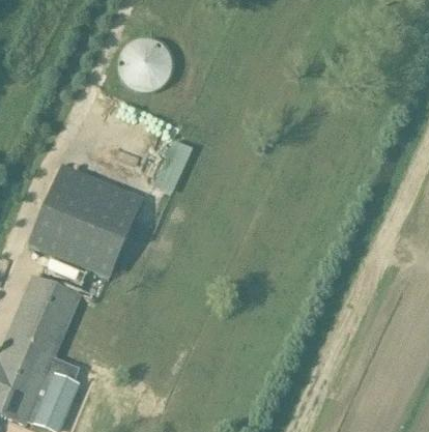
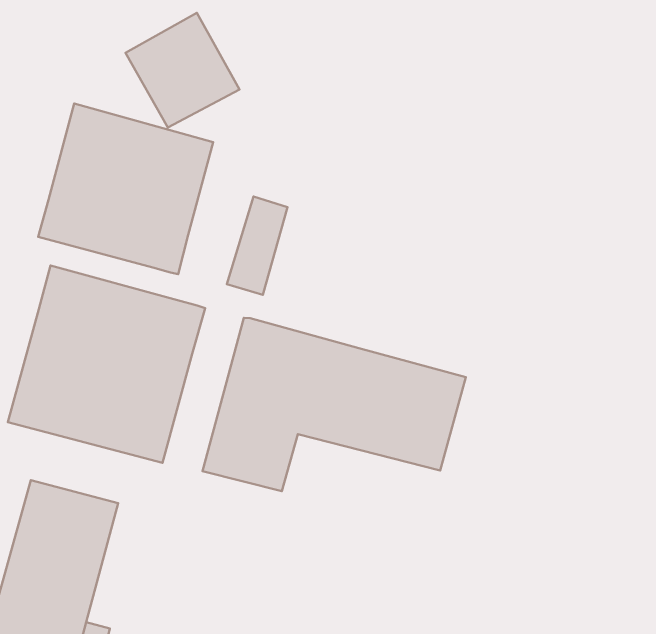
building: none -> [38,104,213,274]
building: none -> [202,318,466,491]

